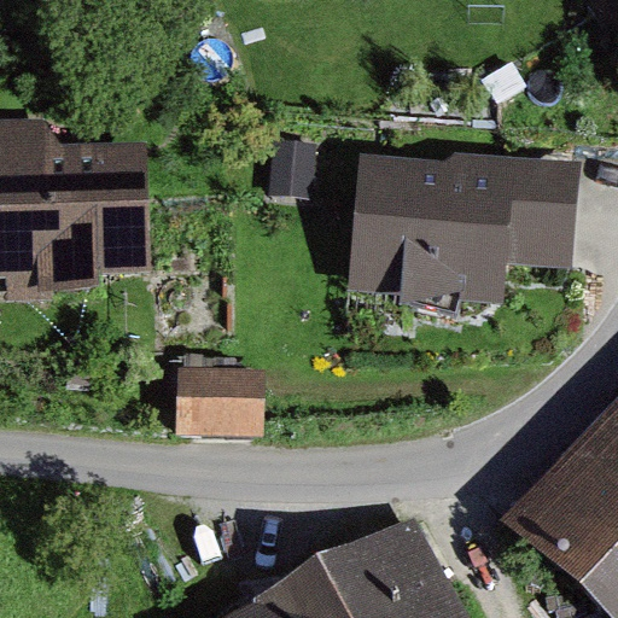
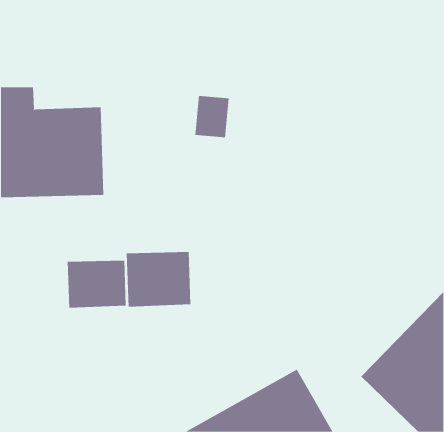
building: [355,170,565,302] -> none
building: none -> [67,260,126,308]

